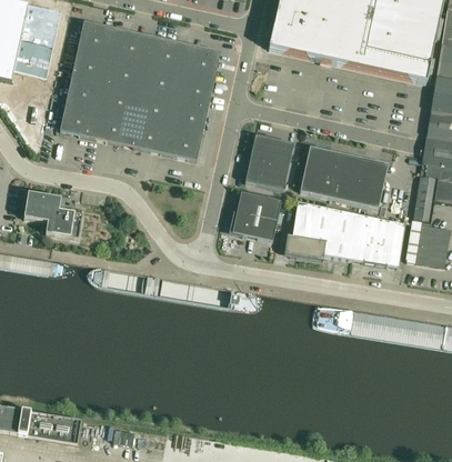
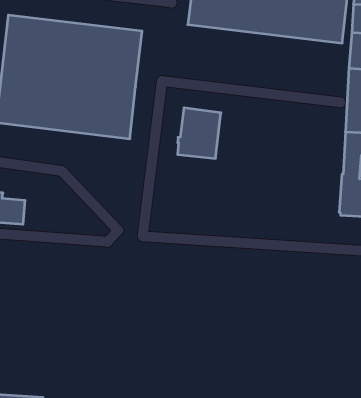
building: [300,145,388,208] -> none
building: [232,191,281,240] -> none
building: [283,201,404,267] -> none

